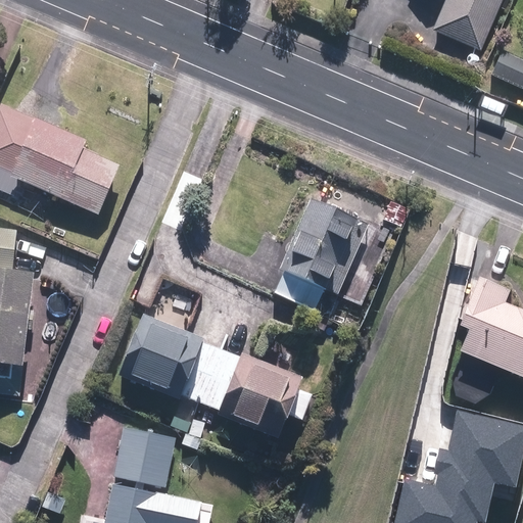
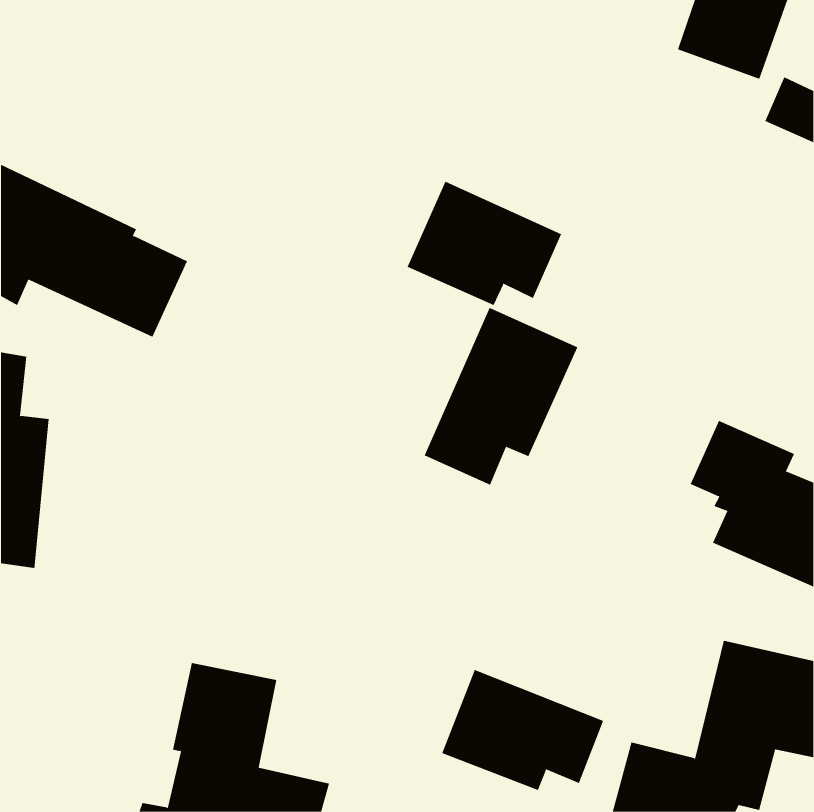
building: none -> [407,181,562,306]
building: [113,314,315,439] -> none
building: none -> [442,669,604,791]

